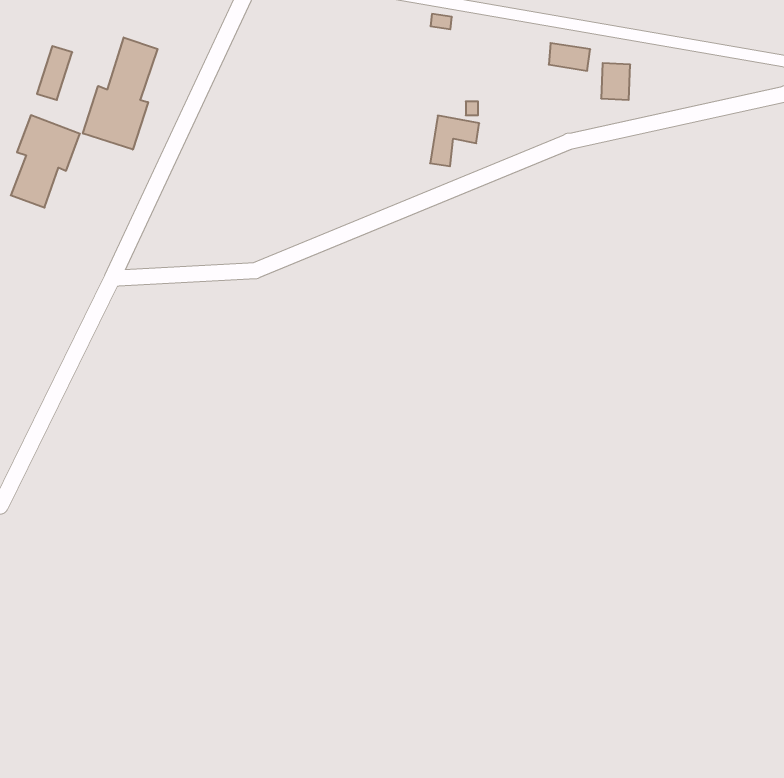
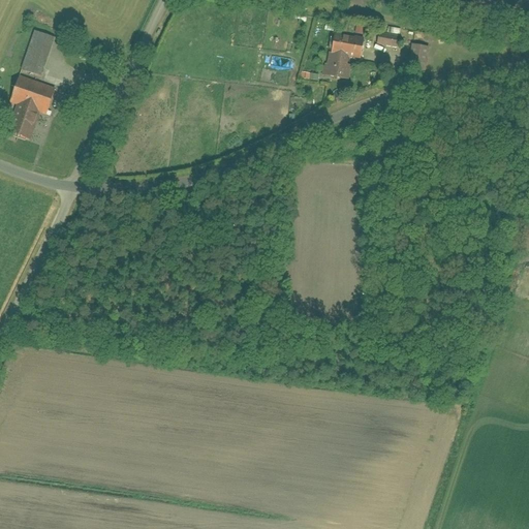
building: [83,37,158,150] -> none
building: [430,116,479,166] -> [329,36,362,70]

